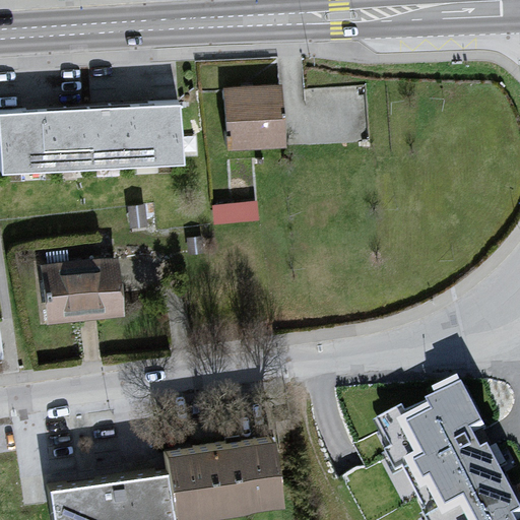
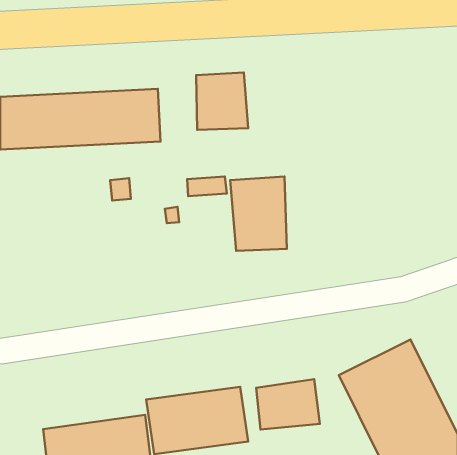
building: none -> [230,176,287,251]
building: [43,259,123,325] -> none
building: none -> [256,379,320,429]

